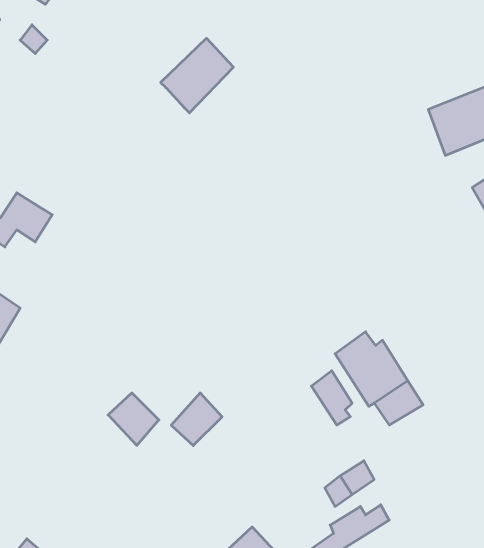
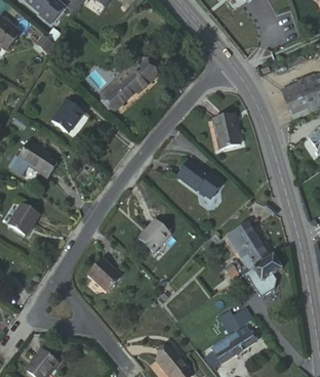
building: none -> [103,75,134,108]
building: none -> [55,97,86,131]
building: none -> [219,114,246,148]
building: none -> [173,157,218,197]
building: [171,393,222,446] -> [142,220,172,252]

